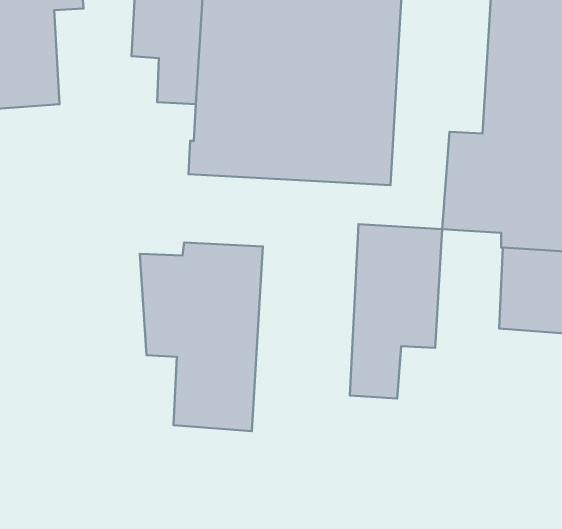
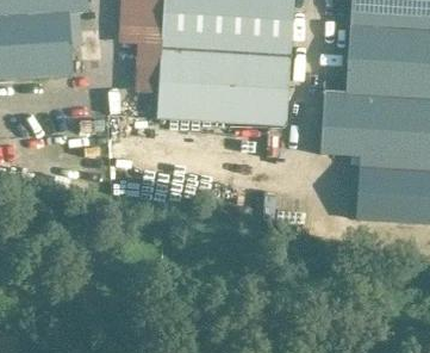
building: [350,224,442,399] -> none
building: [140,242,263,431] -> none

